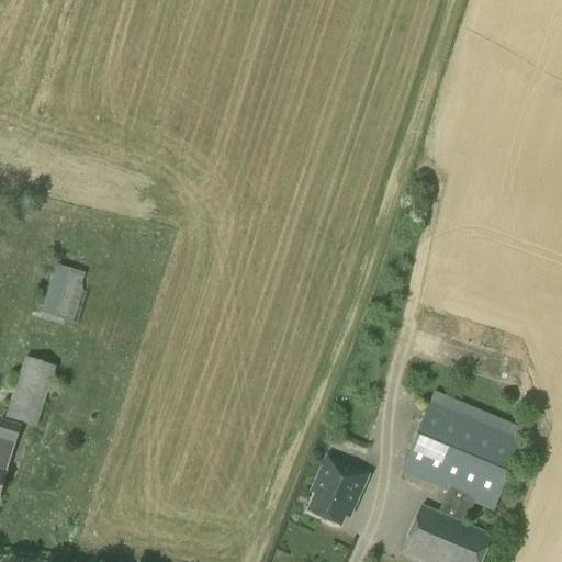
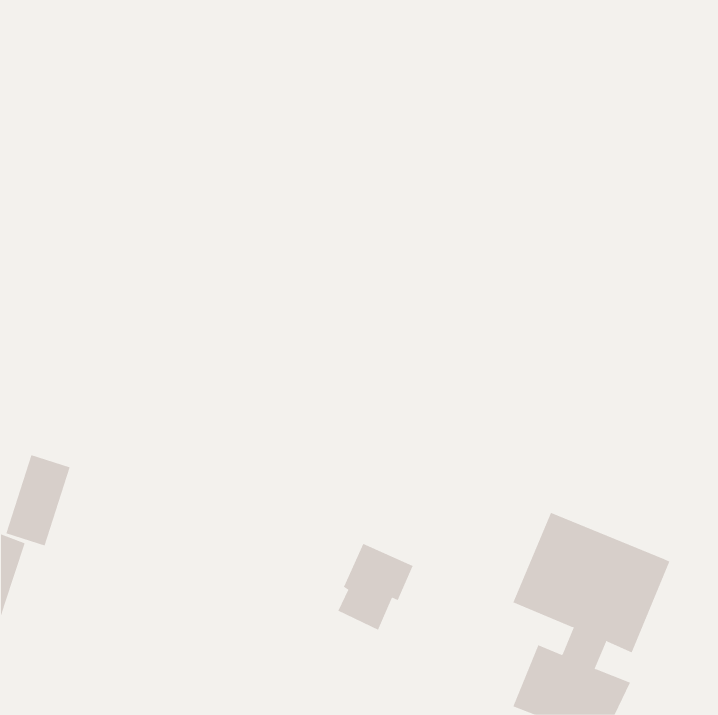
building: [41,261,86,322] -> none
building: [308,456,368,524] -> [338,543,414,631]

